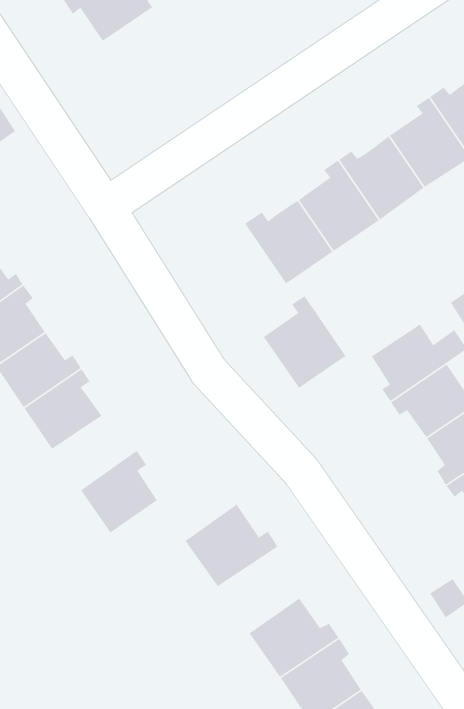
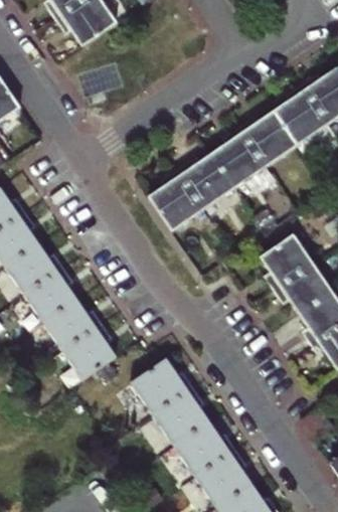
building: [263,295,346,389] -> [146,169,202,232]
building: none -> [44,299,102,349]
building: none -> [156,387,211,446]

